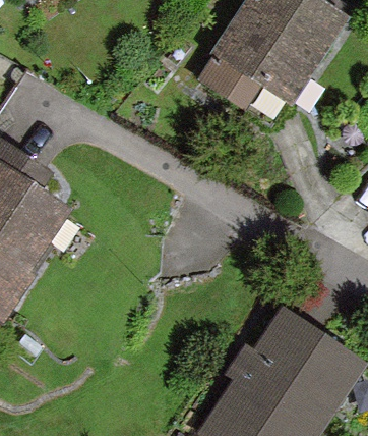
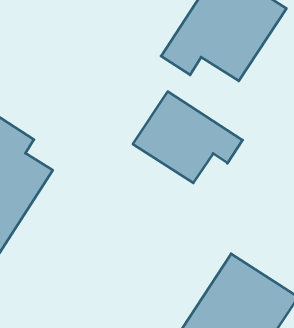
building: none -> [133,92,243,183]

